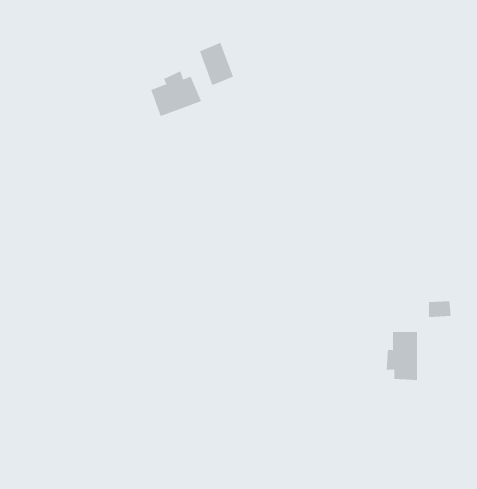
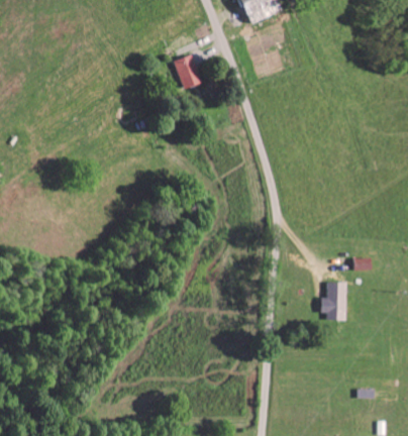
building: [150,71,202,117] -> none

